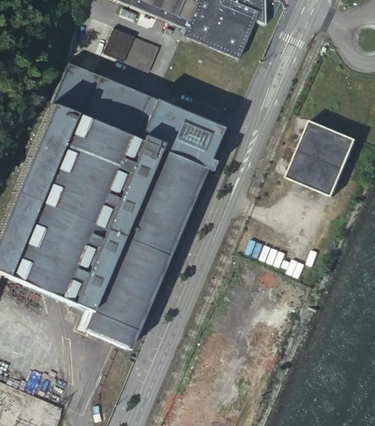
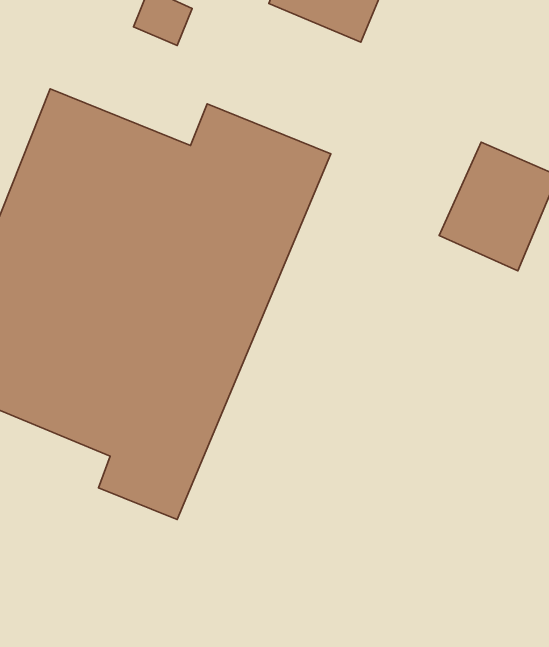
building: [132,40,161,71] -> none
building: [56,63,150,122] -> none

